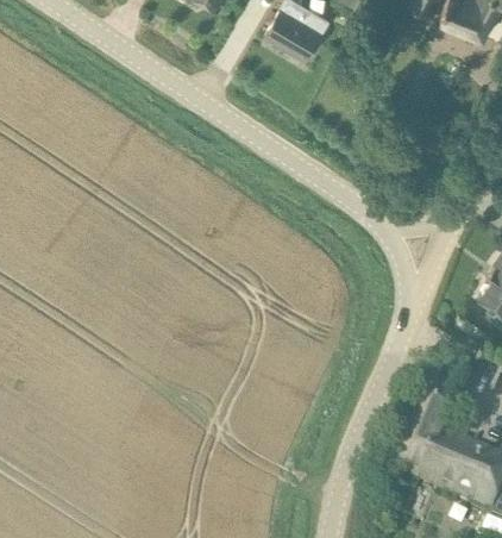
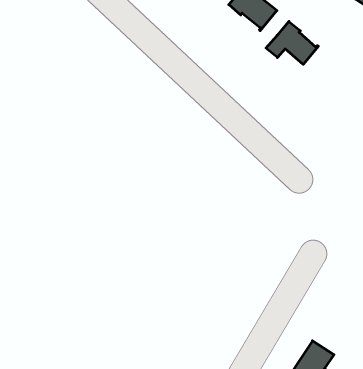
building: none -> [266,21,318,64]

